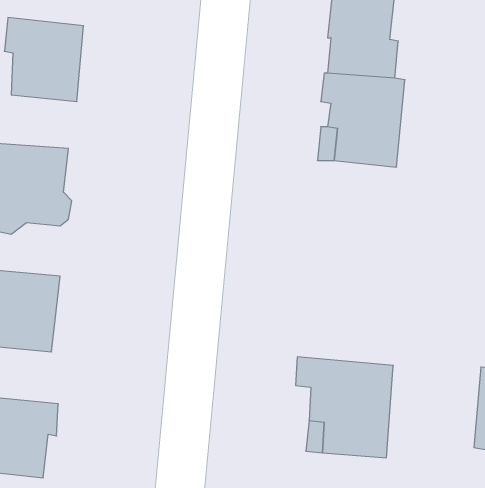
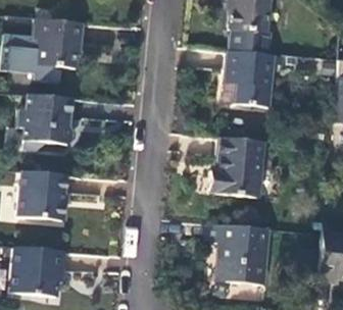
building: none -> [209,137,264,199]

